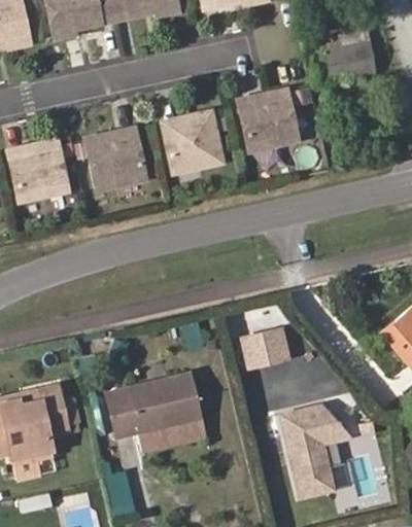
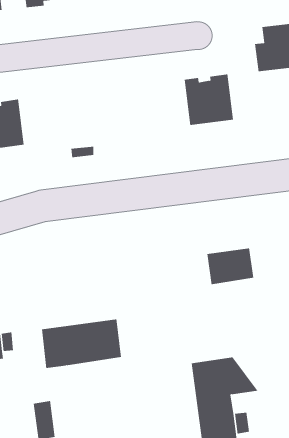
building: [163,111,222,172] -> none
building: [85,128,145,188] -> none
building: [235,325,290,371] -> [207,248,254,285]
building: [138,415,204,450] -> none

